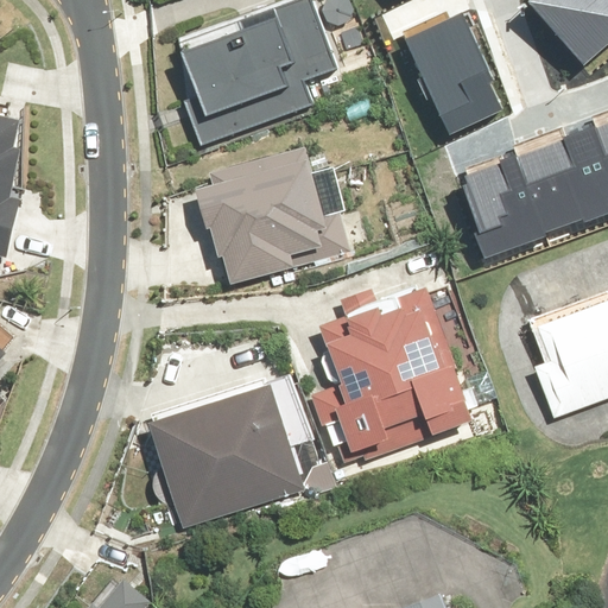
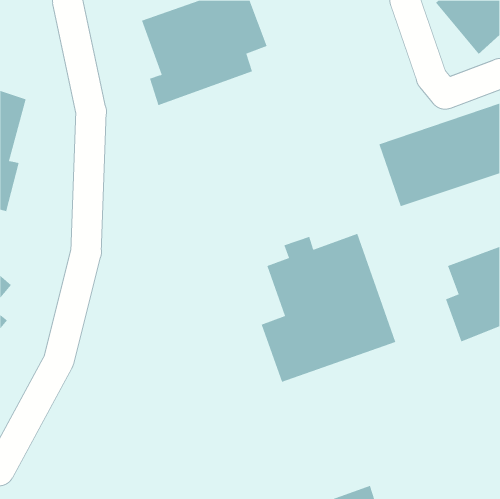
building: [398,15,499,138] -> none
building: [202,147,334,284] -> none
building: [157,384,310,526] -> none

